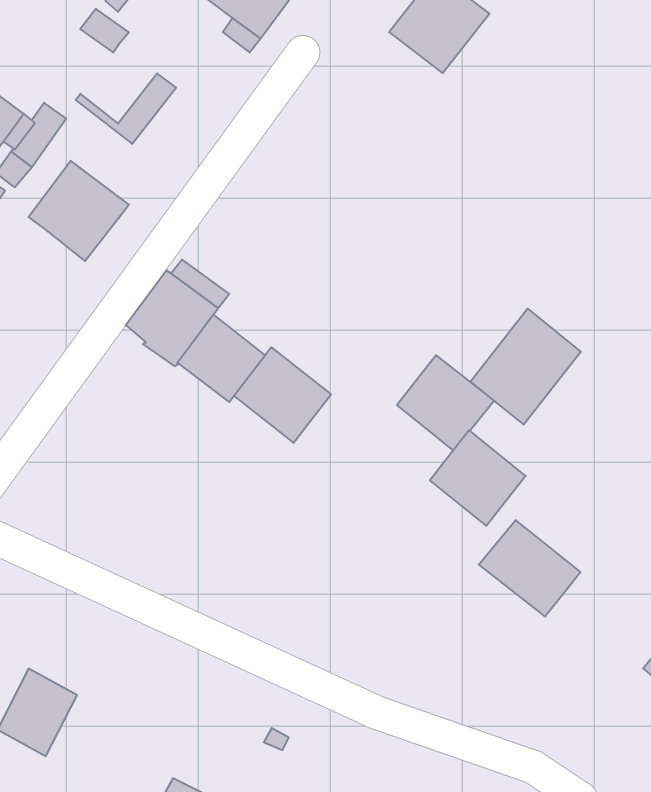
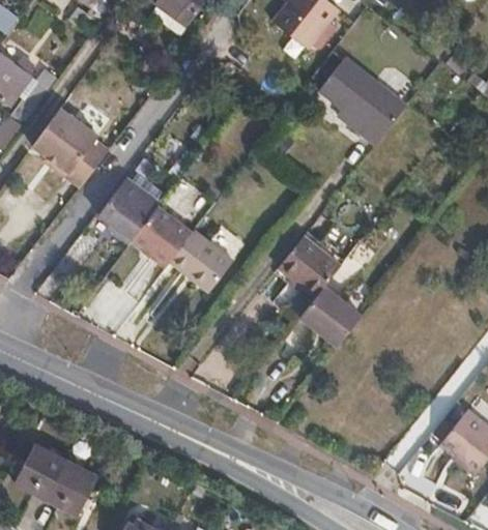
building: [76,73,176,144] -> [44,140,110,186]
building: none -> [318,56,407,146]
building: [471,309,581,425] -> none
building: [479,520,580,617] -> none
building: none -> [46,460,98,517]

